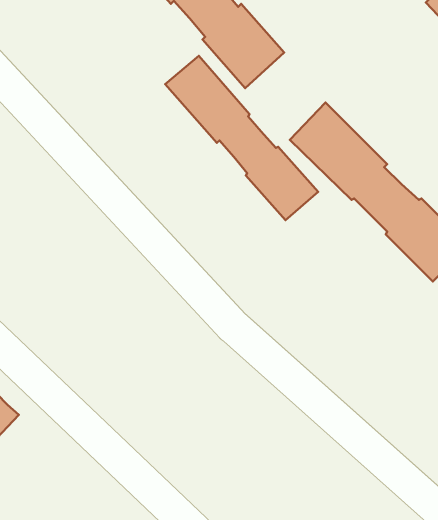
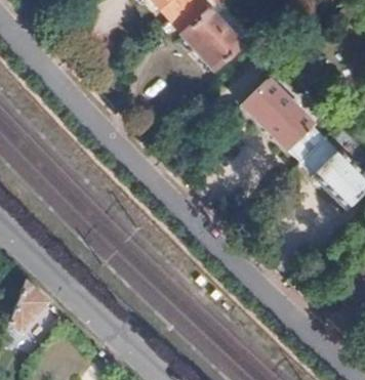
building: [165,56,318,220] -> none

